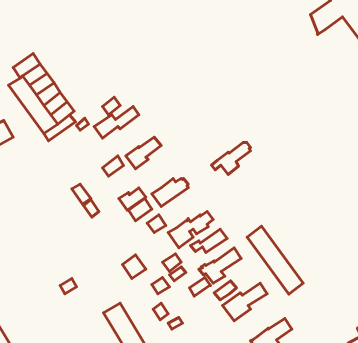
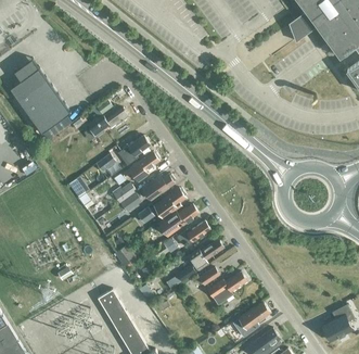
building: [212,143,250,174] -> [123,152,158,181]
building: none -> [154,188,185,219]
building: [247,226,303,294] -> none

